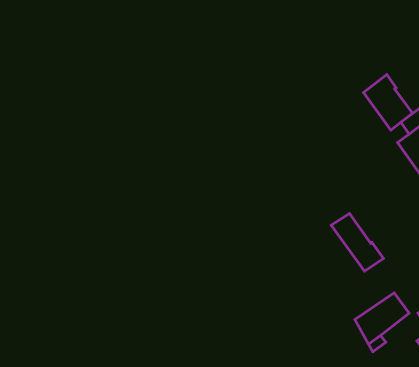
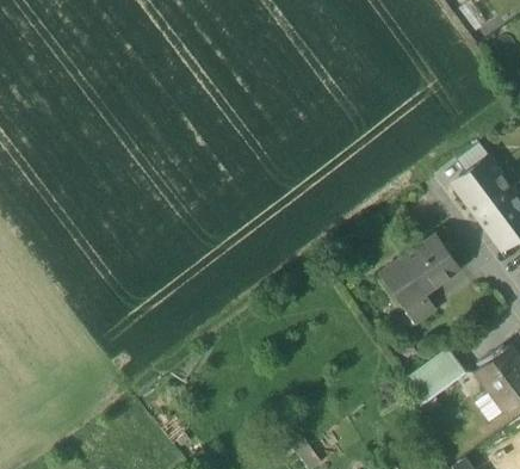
building: [363,75,412,130] -> none
building: none -> [398,234,460,295]

